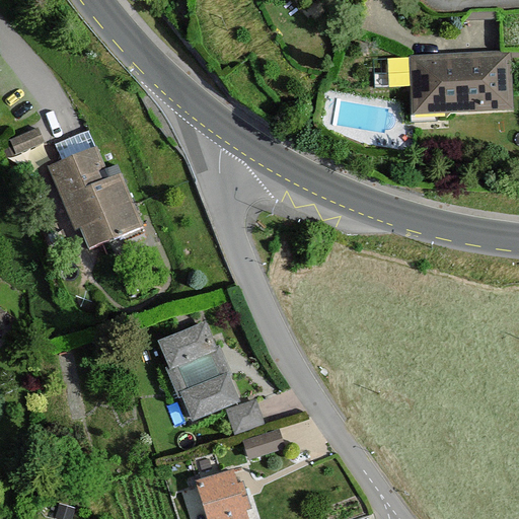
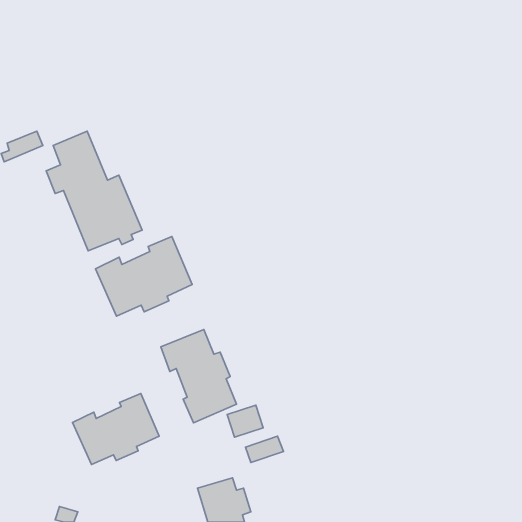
building: [405,53,508,112] -> none
building: none -> [95,237,192,316]
building: none -> [73,393,159,464]

